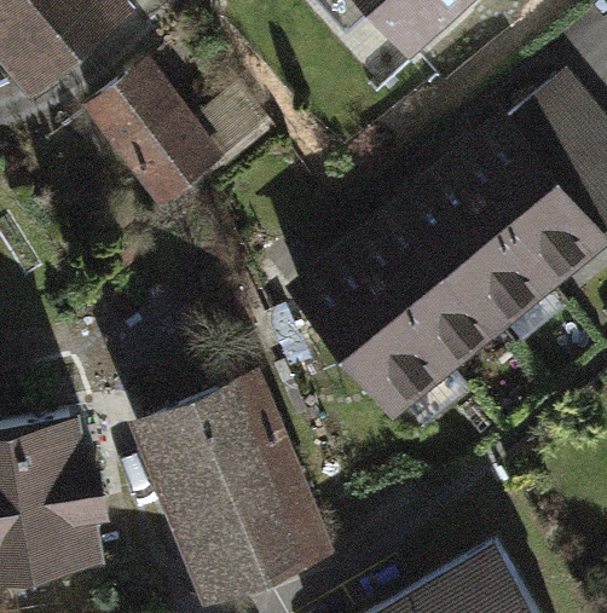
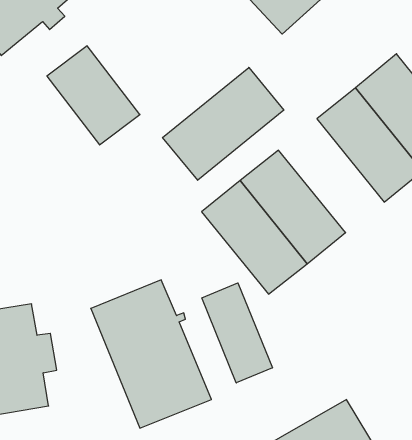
building: none -> [163,67,284,180]
building: [404,169,547,323] -> none
building: none -> [202,283,272,383]

